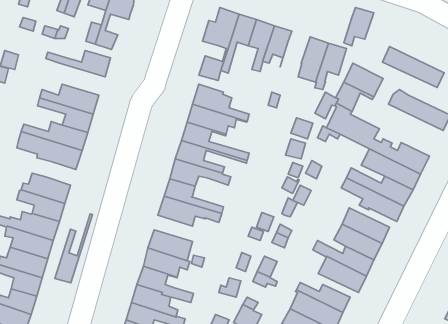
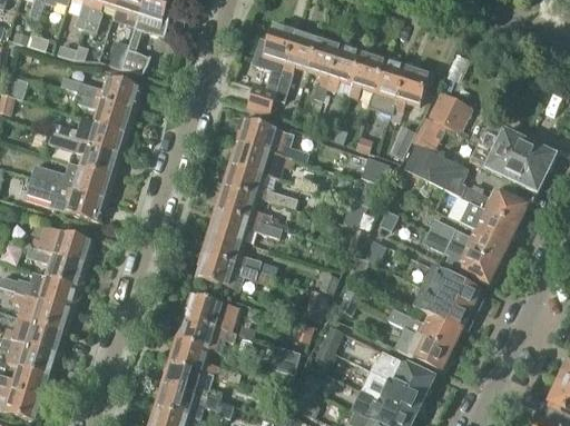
building: [344,7,374,46] -> [346,51,383,98]
building: [382,47,444,87] -> [470,140,546,190]
building: none -> [73,90,132,129]
building: [55,214,93,283] -> none

